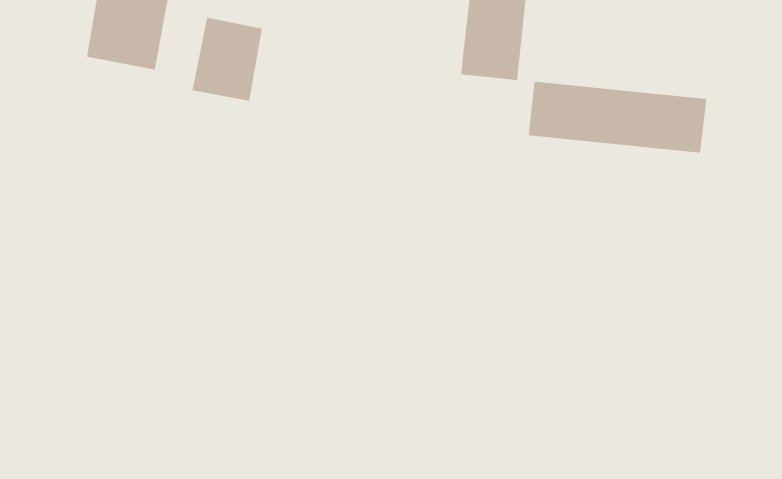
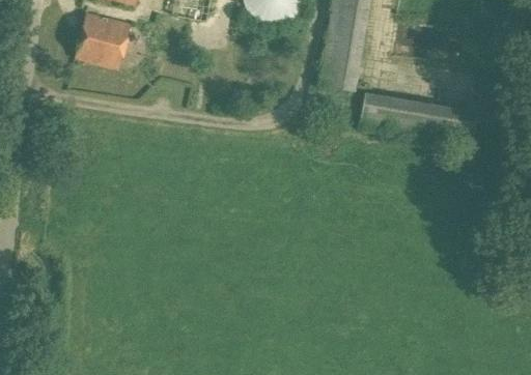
building: [192,17,262,101] -> none

